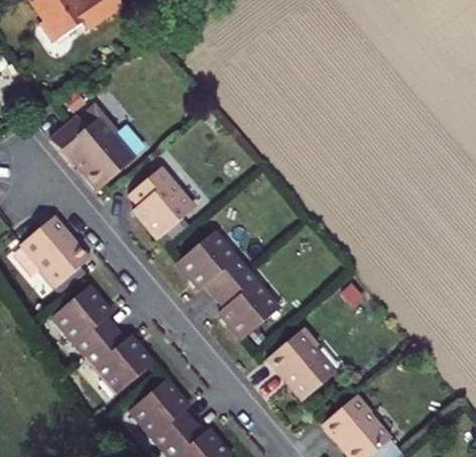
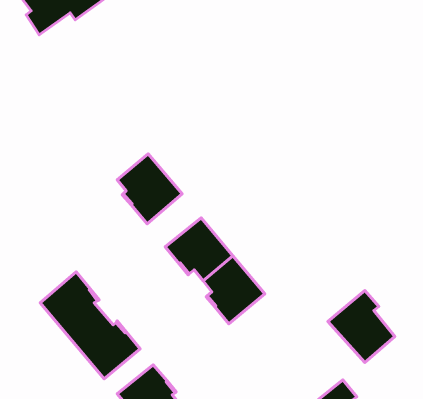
building: [49,102,133,189] -> none
building: [20,216,90,288] -> none
building: [266,327,334,399] -> [328,290,395,362]

